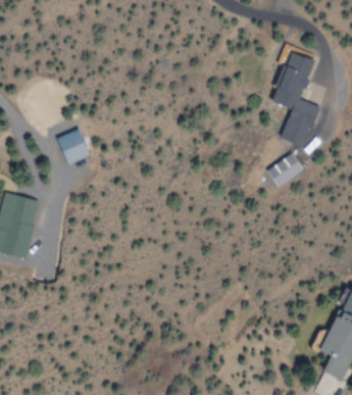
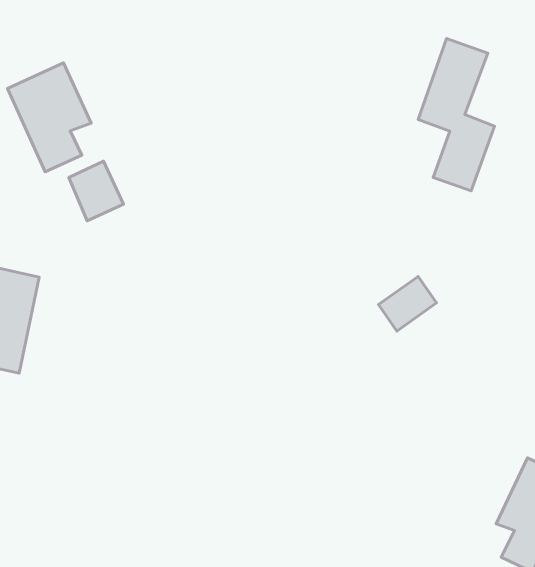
building: none -> [7,63,91,172]
building: [270,151,306,185] -> [378,276,436,331]

